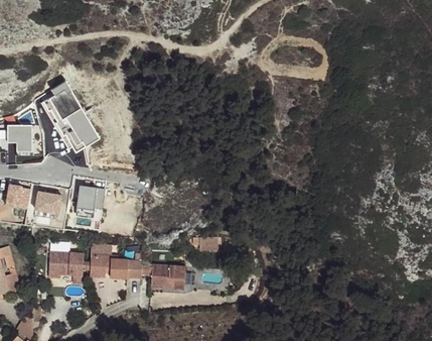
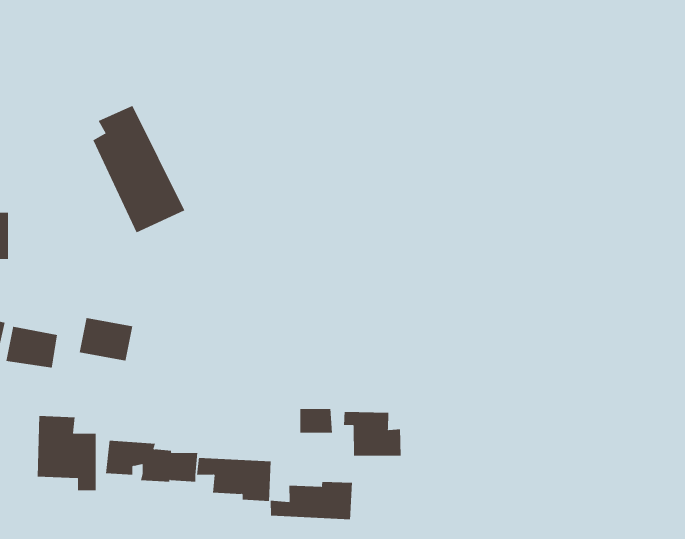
building: [44,80,98,153] -> [92,105,185,233]
building: none -> [344,411,401,457]
building: none -> [270,481,352,520]

